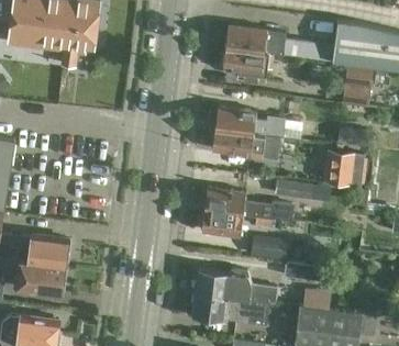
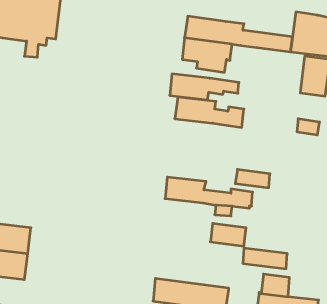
building: [212,130,282,156] -> [170,74,239,100]
building: [328,152,355,186] -> none
building: [201,211,243,237] -> none
building: [195,269,277,303] -> none

